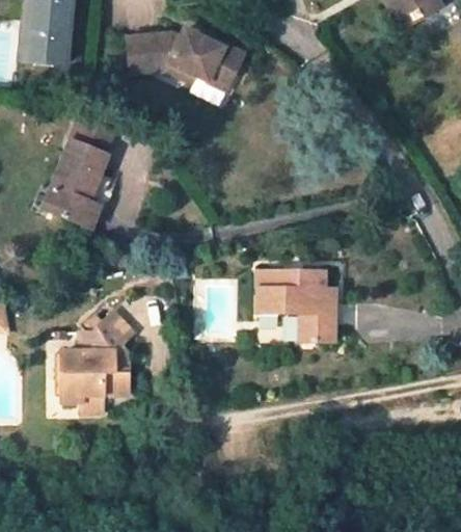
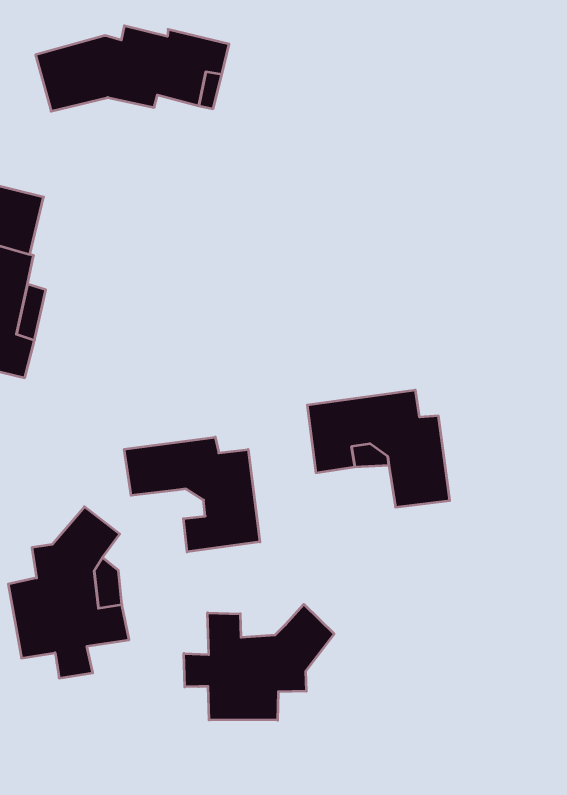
building: none -> [124,437,260,552]
building: none -> [184,604,334,720]

